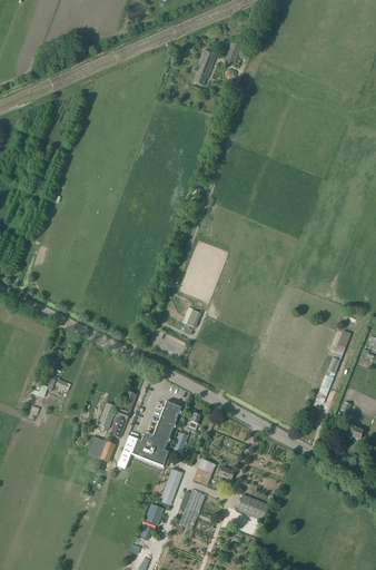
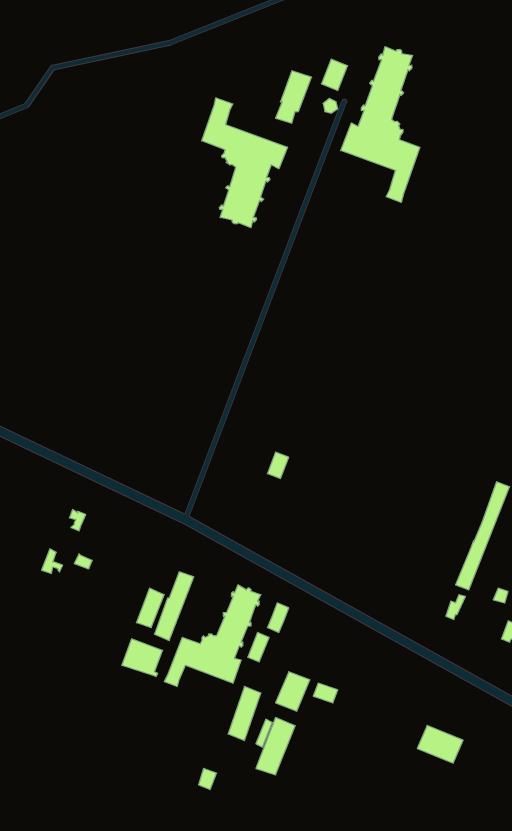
building: none -> [341,47,420,202]
building: none -> [202,98,287,228]
building: [237,493,268,519] -> [417,725,463,763]

